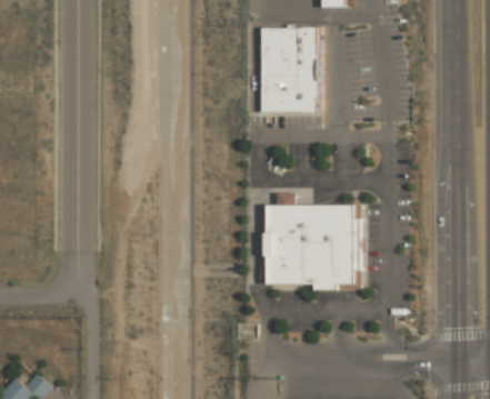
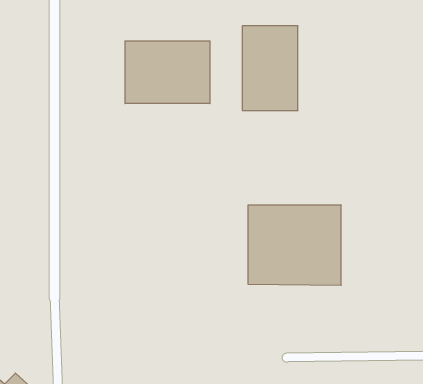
building: none -> [125,41,210,104]

